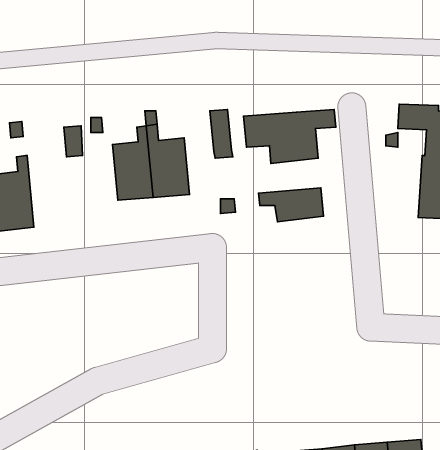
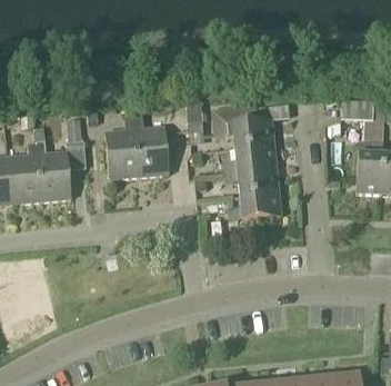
building: none -> [34,126,71,199]
building: none -> [224,142,277,171]
building: none -> [229,190,281,220]

